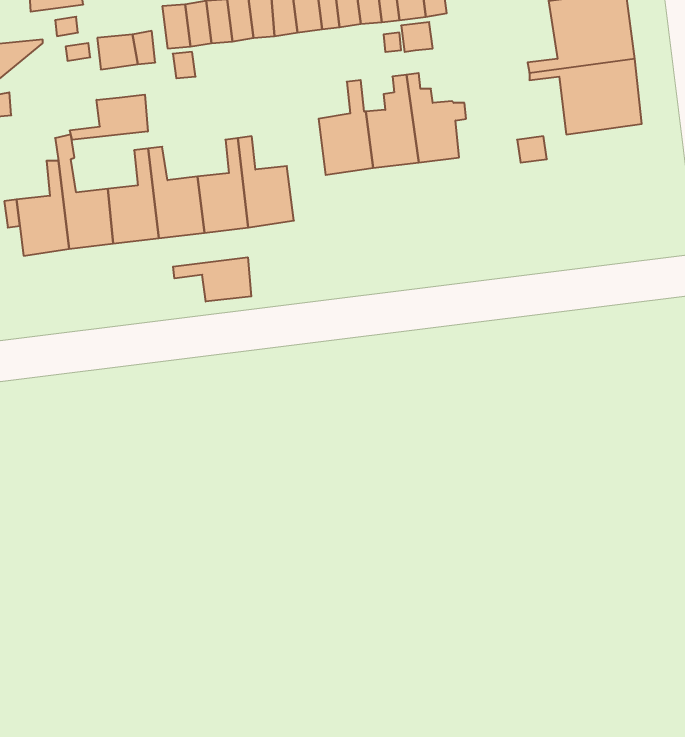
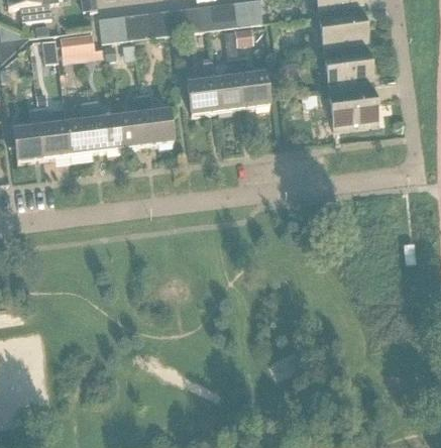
building: [70,95,148,140] -> none
building: none -> [329,86,377,130]
building: [173,257,251,302] -> none

